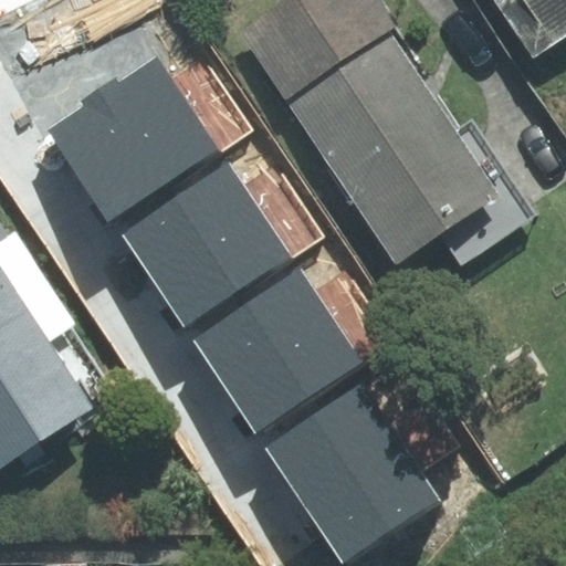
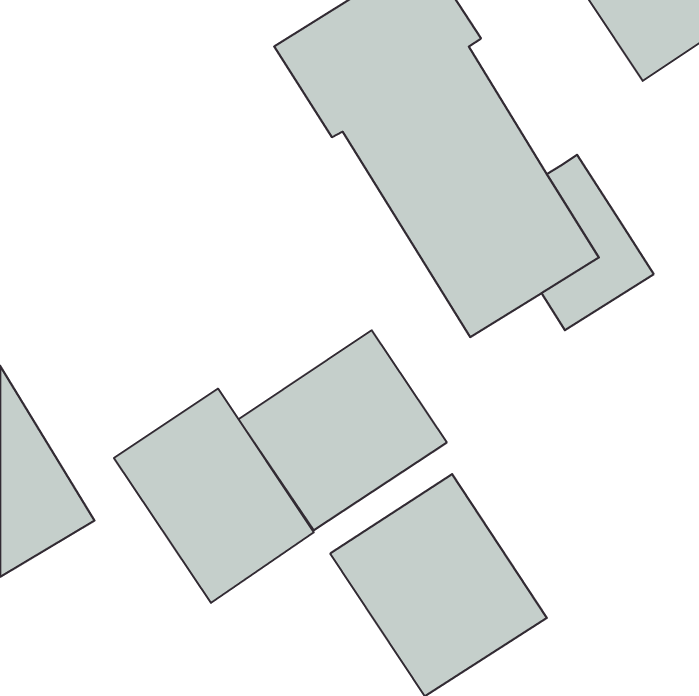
building: [51,56,219,218] -> none
building: [124,160,292,322] -> none
building: none -> [114,389,314,603]

